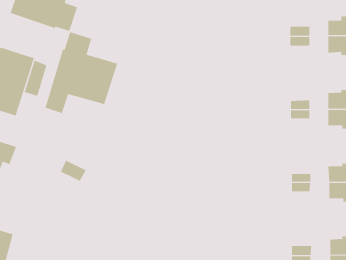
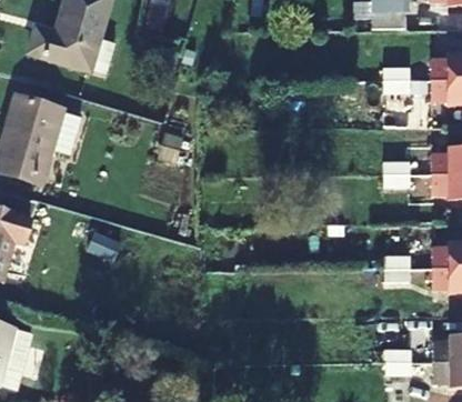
building: [45,31,118,114] -> none

